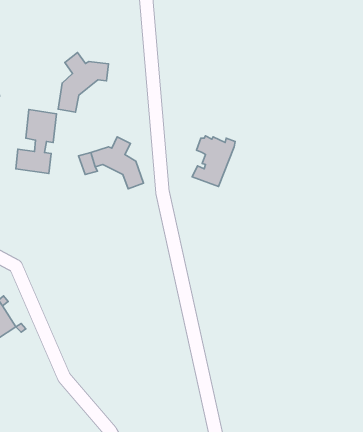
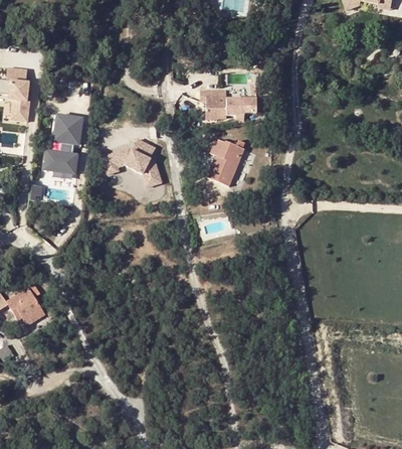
building: [58,52,109,112] -> none
building: none -> [200,91,257,120]

